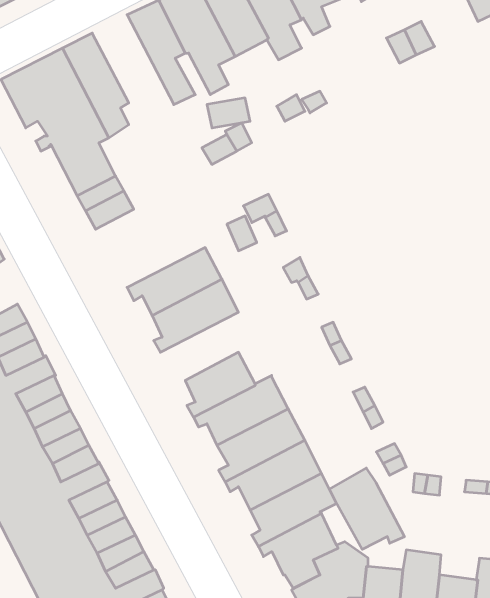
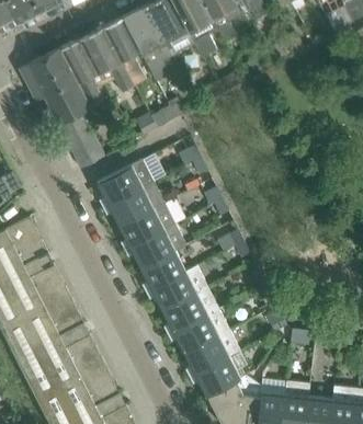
building: none -> [79,27,133,92]
building: none -> [97,159,154,207]
building: none -> [124,224,186,268]
building: [329,468,404,549] -> none

